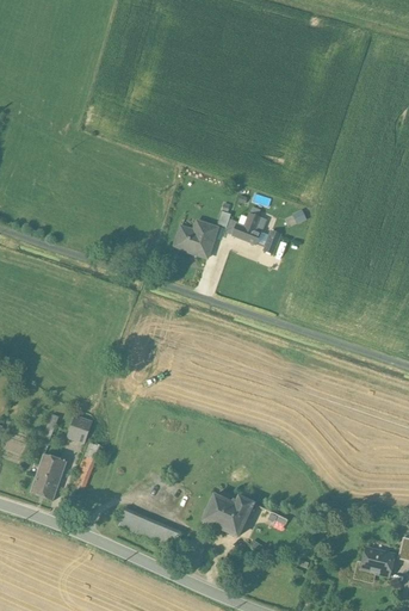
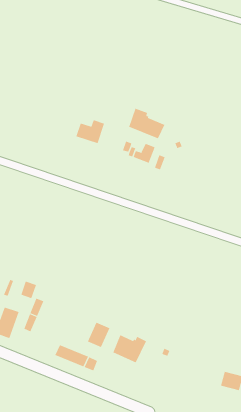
building: none -> [128,108,165,139]
building: [174,221,217,257] -> [75,120,105,144]
building: none -> [87,322,110,348]

